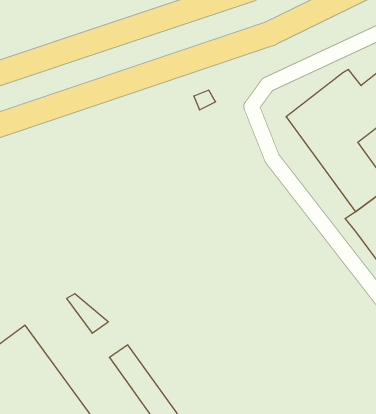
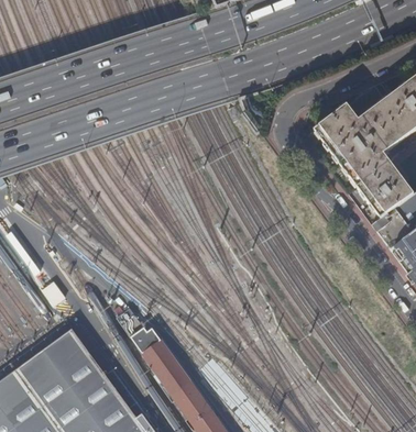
building: none -> [135,330,165,359]

